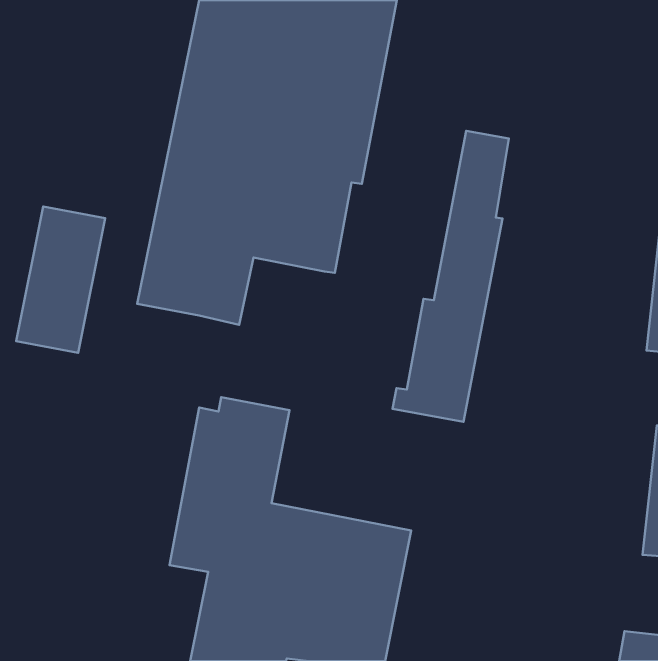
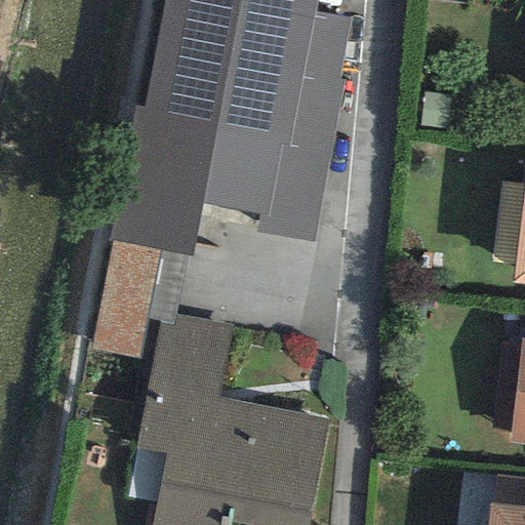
building: [393,131,509,422] -> [256,11,349,242]
building: [16,207,105,353] -> [89,241,160,357]

